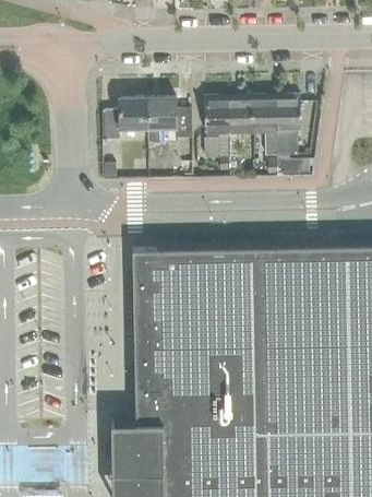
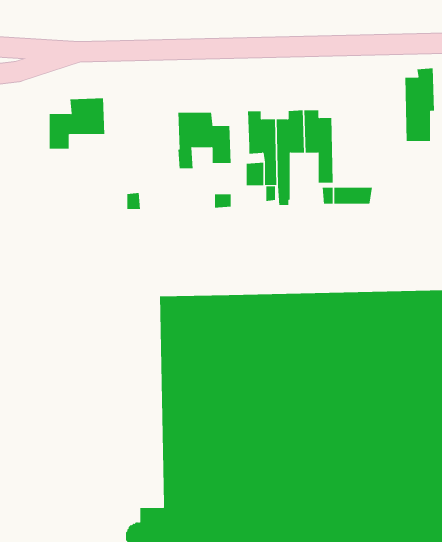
building: [277,96,302,157] -> [405,68,435,141]
building: [103,99,149,142] -> [49,98,105,149]

